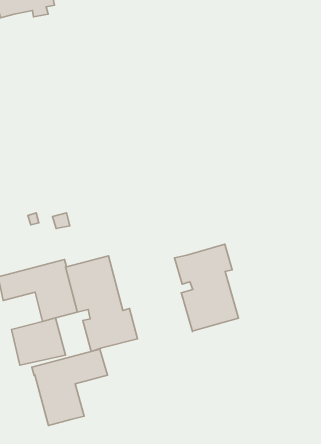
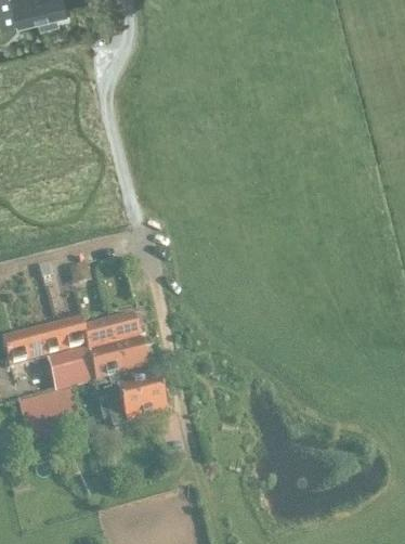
building: [175,244,238,331] -> none
building: [32,349,108,426] -> none

